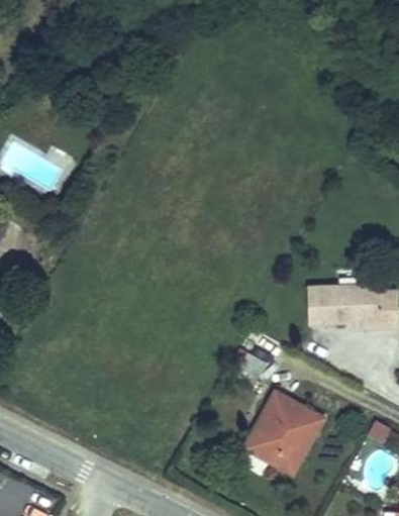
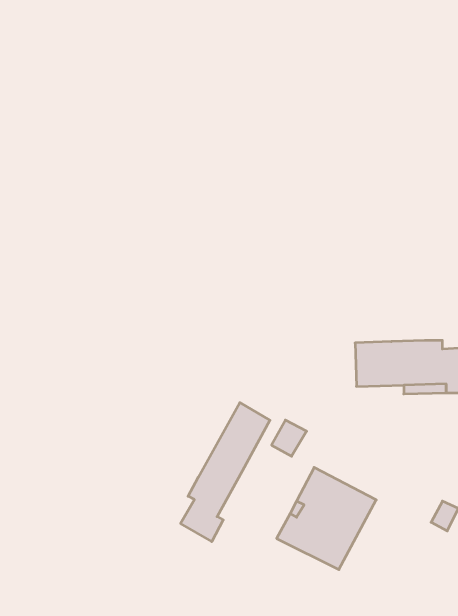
building: none -> [181,403,270,542]

